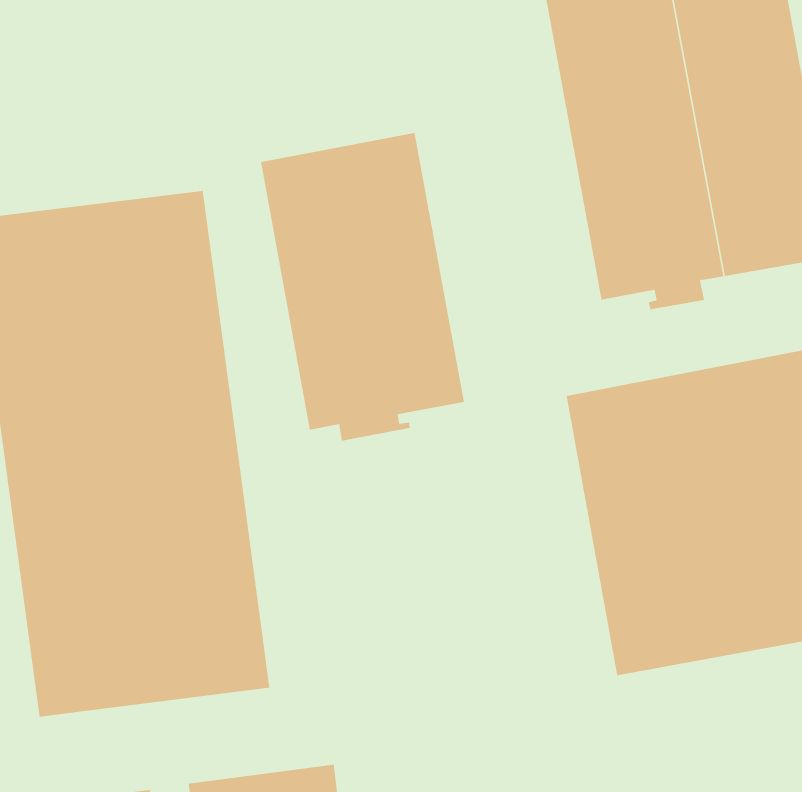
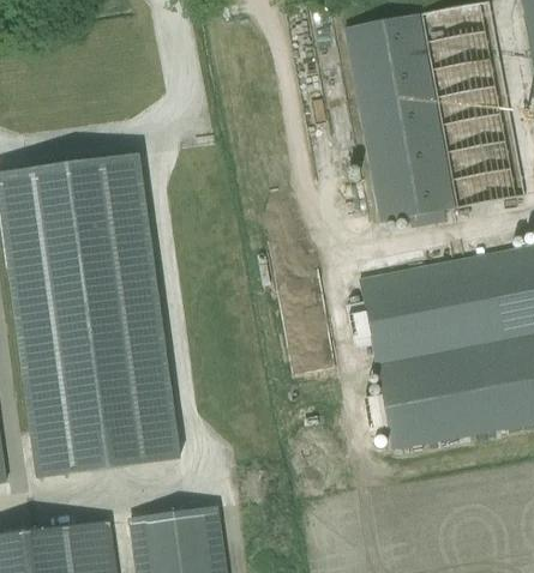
building: [261,132,465,441] -> none

